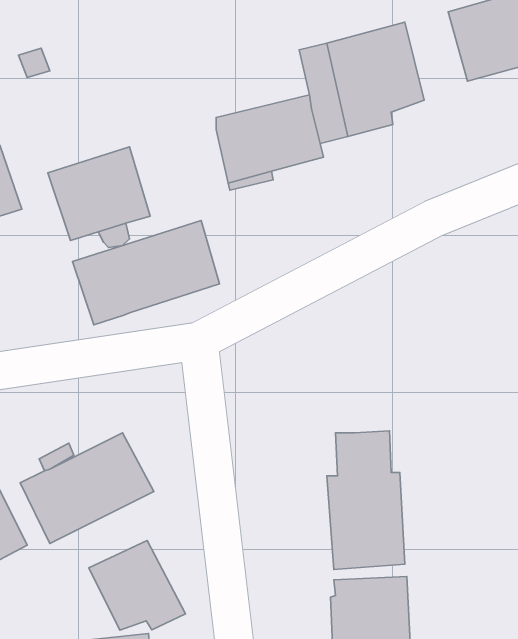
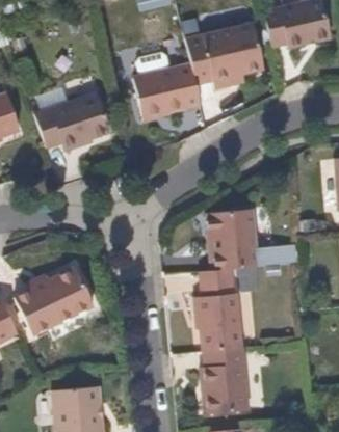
building: [73,221,220,325] -> none
building: none -> [213,207,294,267]
building: [89,540,186,630] -> none

